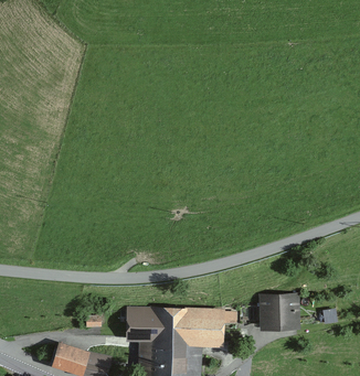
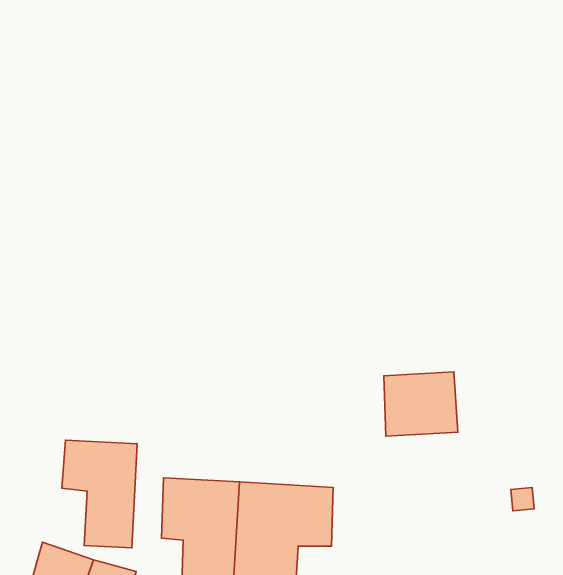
building: none -> [62,440,137,548]
building: [258,292,300,329] -> [384,372,458,436]

